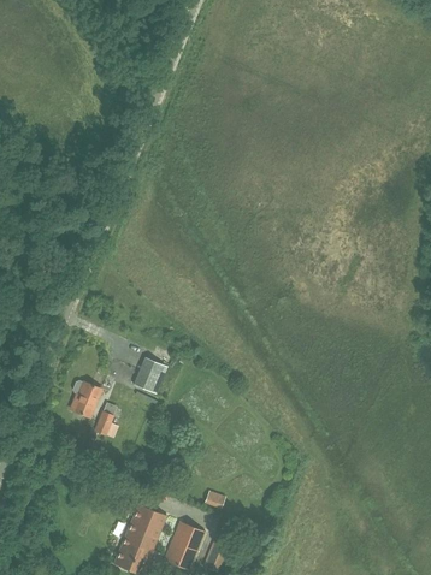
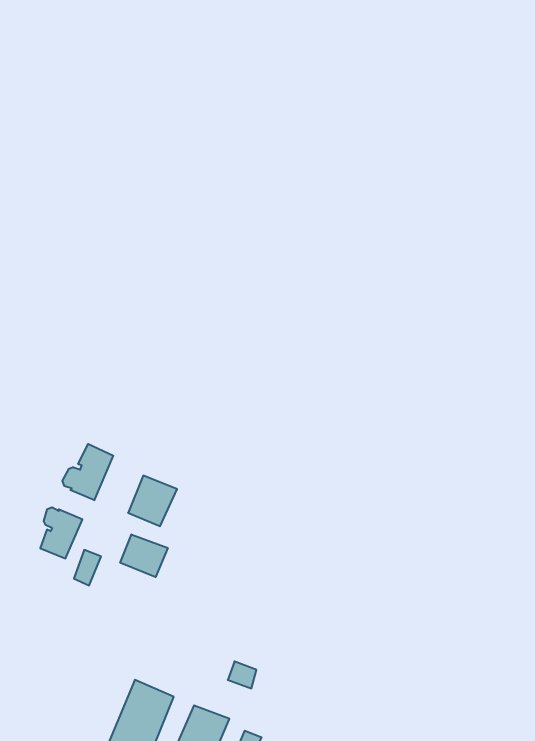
building: none -> [62,444,113,500]
building: none -> [120,534,168,577]

